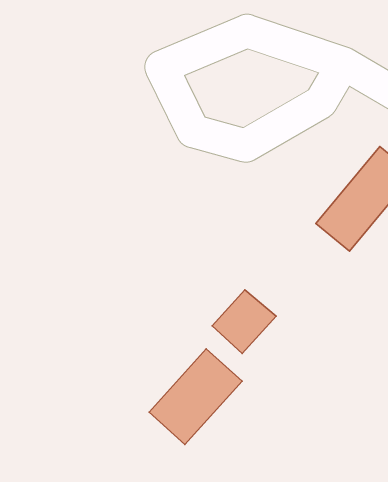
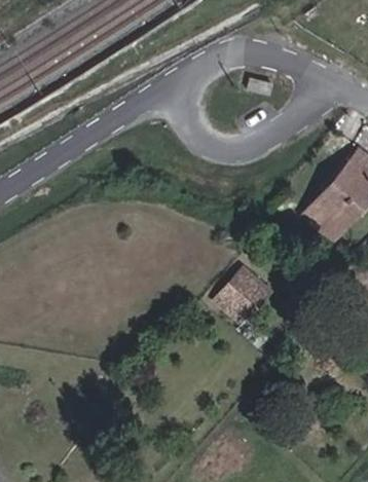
building: [149,349,242,445] -> none

